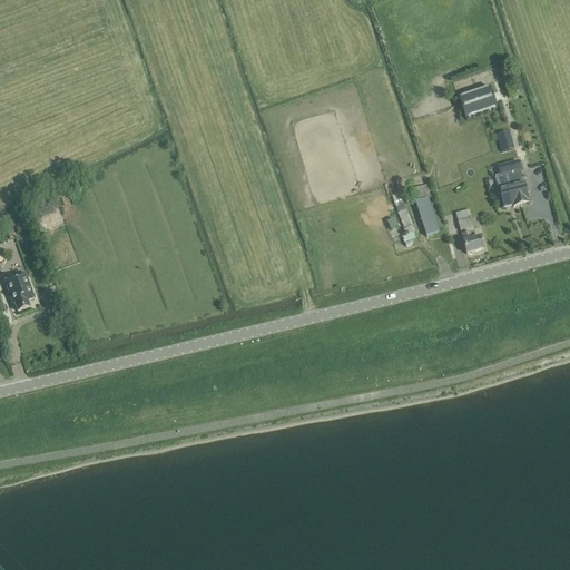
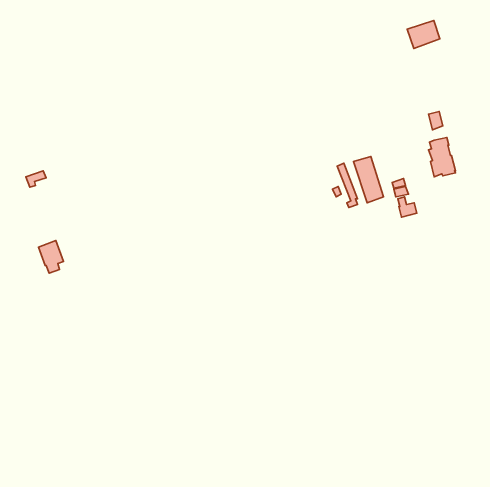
building: [458,86,495,118] -> [407,21,440,48]
building: [4,272,33,309] -> [39,241,64,273]

